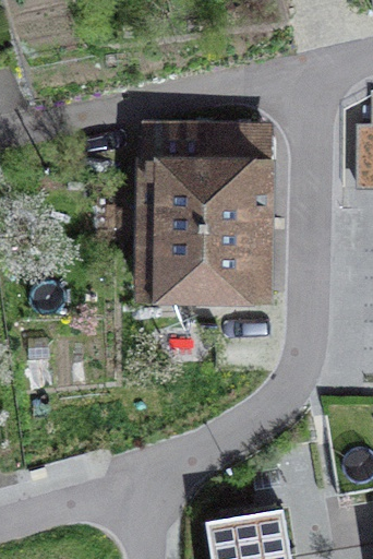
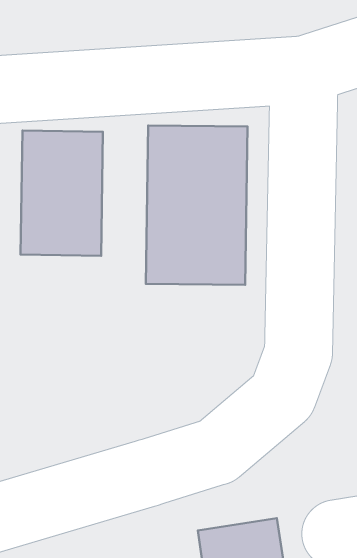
building: none -> [21,130,103,256]

